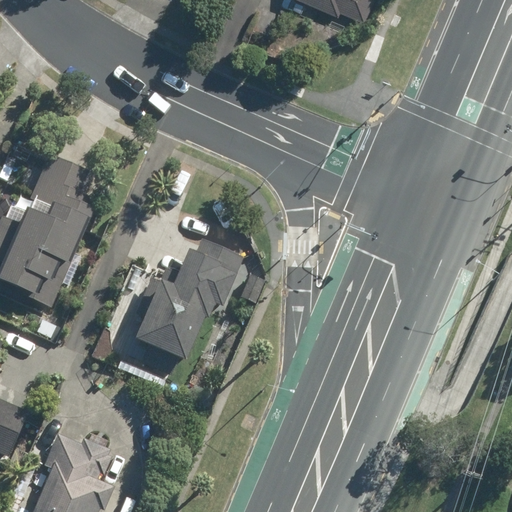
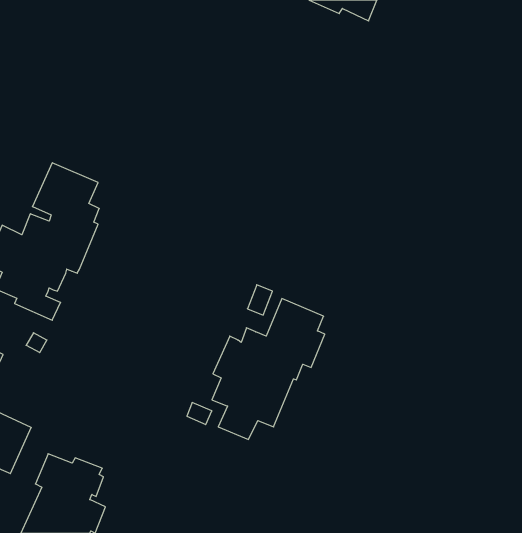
building: [133,238,241,373] -> [212,299,325,439]

